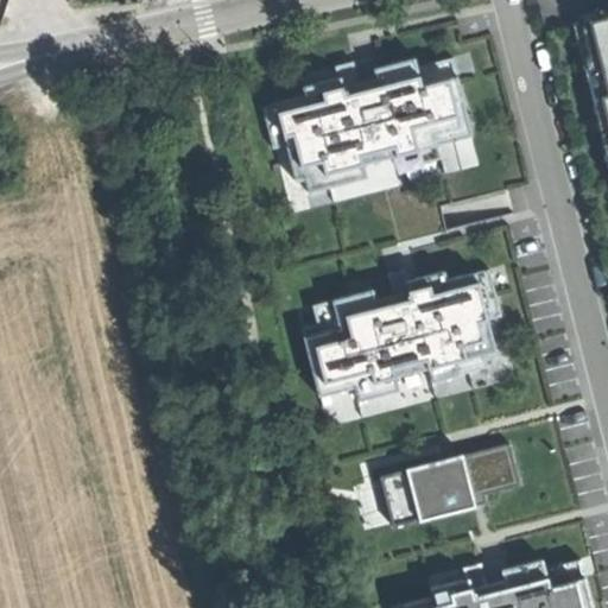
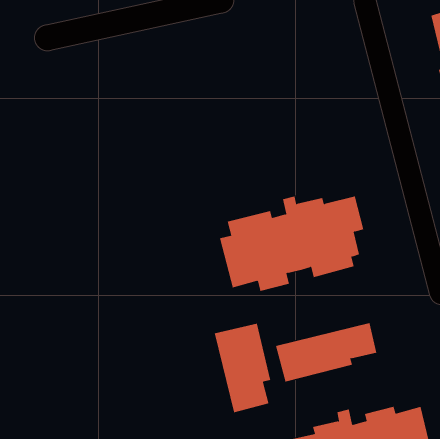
building: [264,61,474,195] -> none
building: none -> [214,323,271,413]

